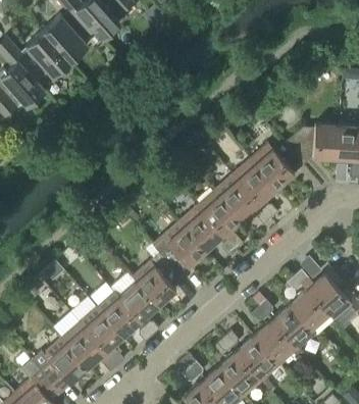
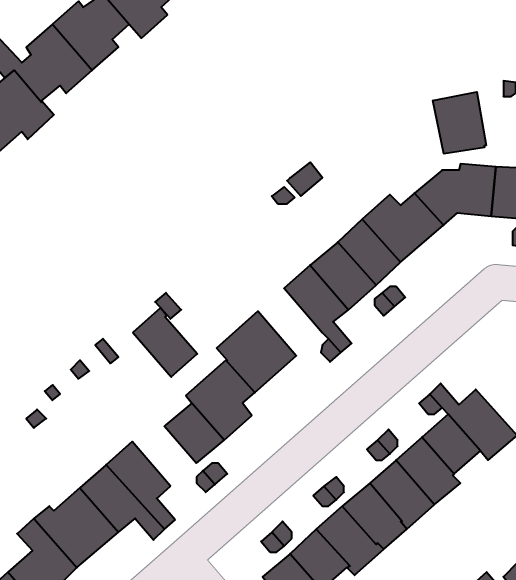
building: none -> [433,92,486,154]
building: [181,205,223,250] -> none
building: [97,291,140,337] -> [133,308,197,377]

